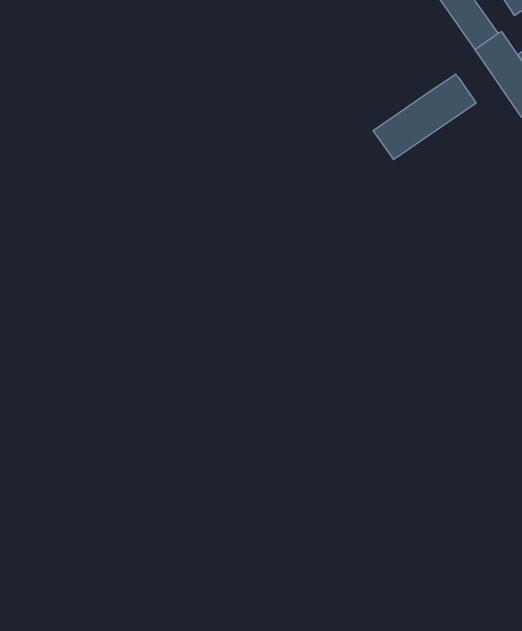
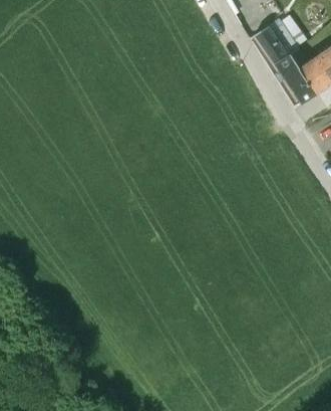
building: [373,74,476,160] -> none

